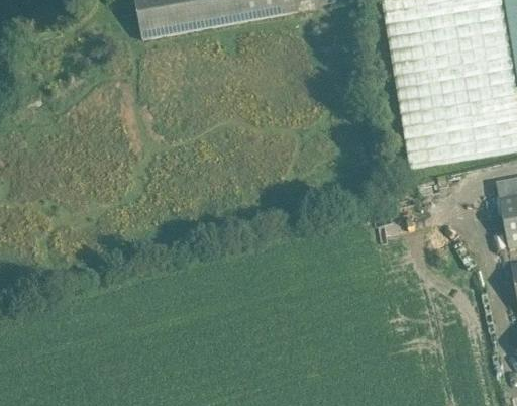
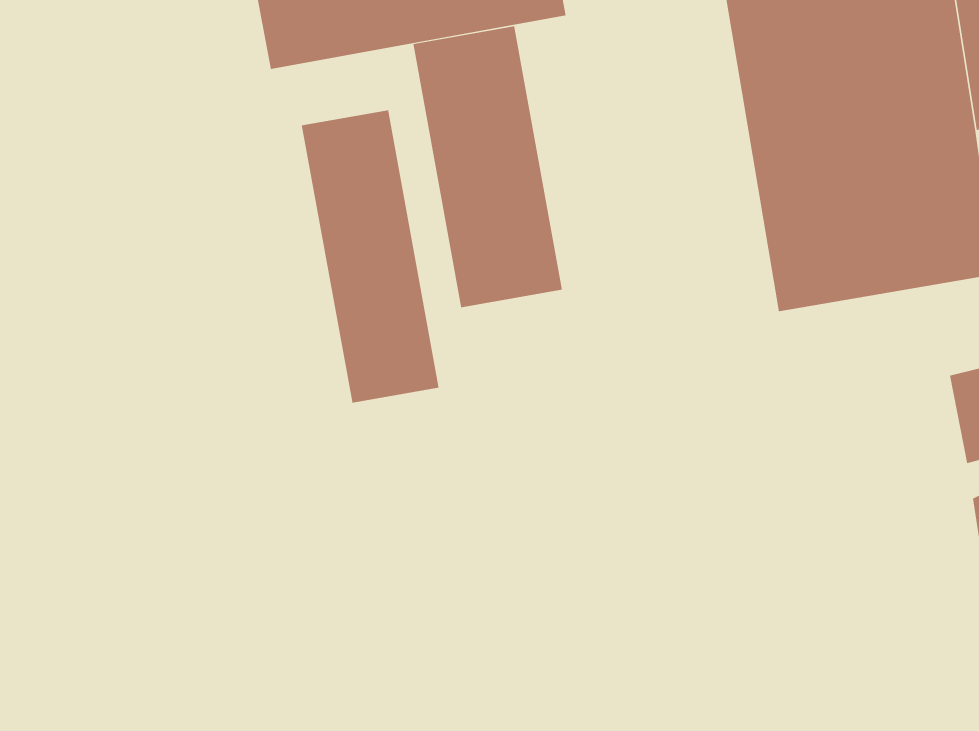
building: none -> [413,26,563,308]
building: none -> [301,109,439,404]

